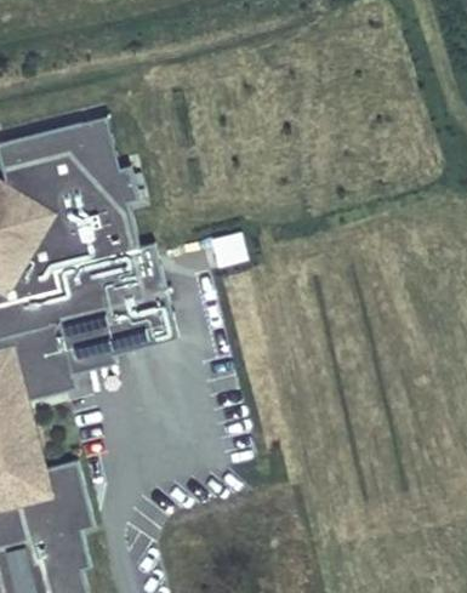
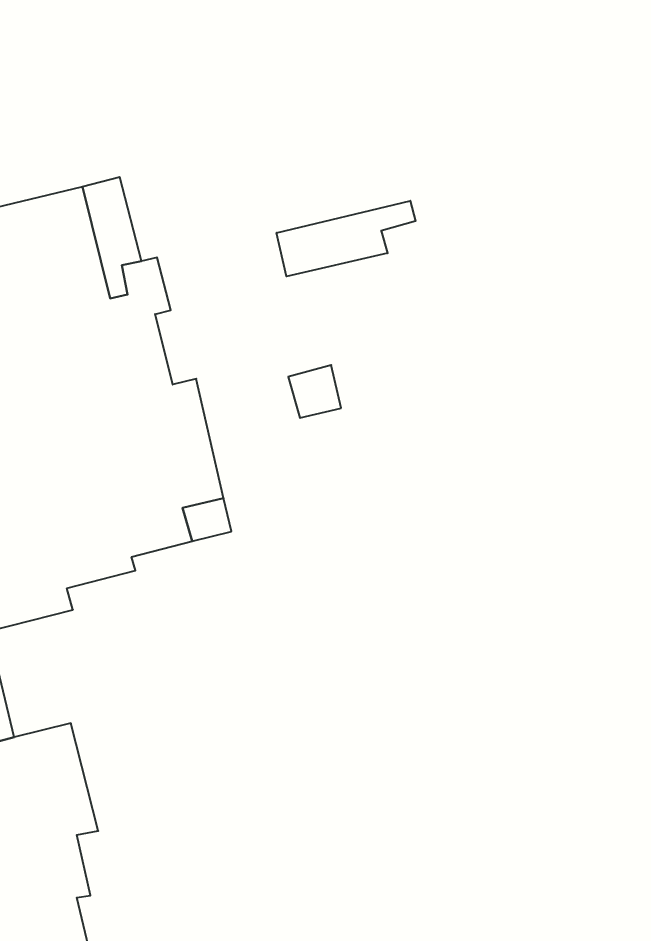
building: none -> [277,201,416,276]

